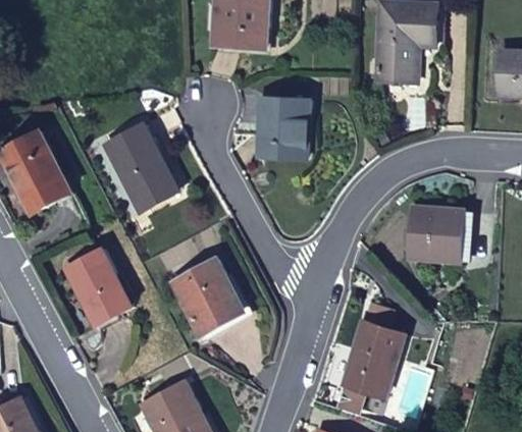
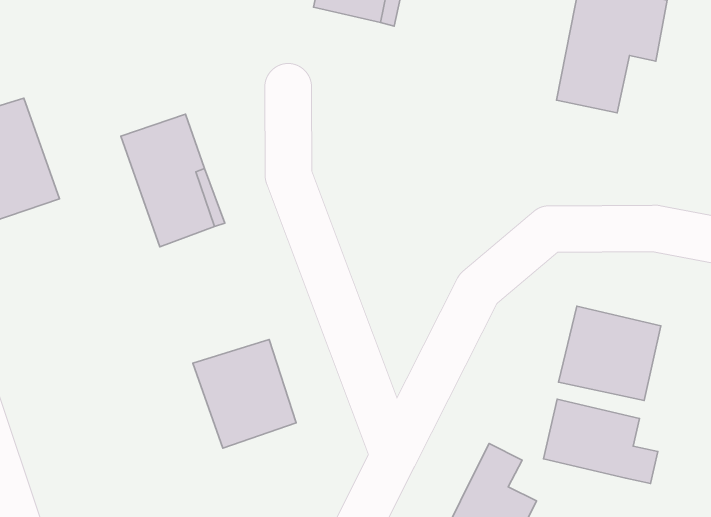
building: [257,99,309,158] -> none
building: [64,249,132,325] -> none
building: none -> [543,399,658,483]

